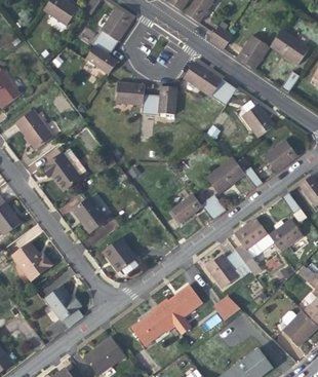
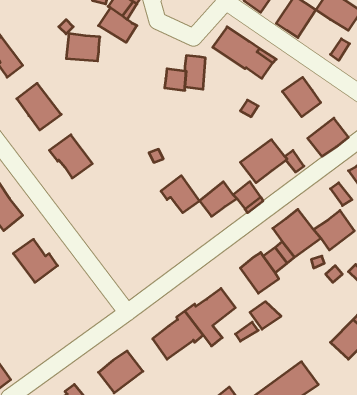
building: [116,81,145,105] -> [66,33,100,61]
building: [73,197,107,231] -> none
building: [103,237,135,269] -> [161,176,199,213]
building: [45,287,80,319] -> none

